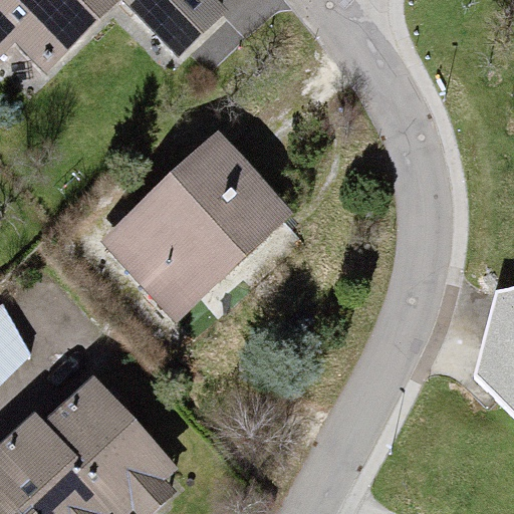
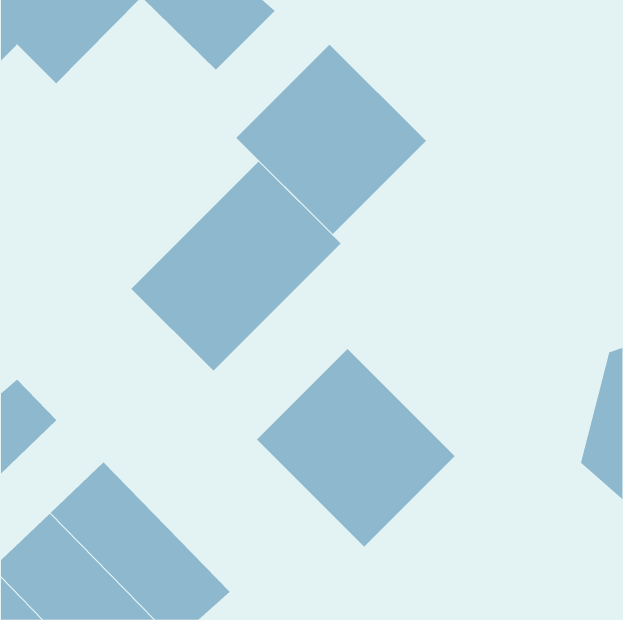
building: none -> [235,44,427,235]
building: none -> [256,348,456,548]

